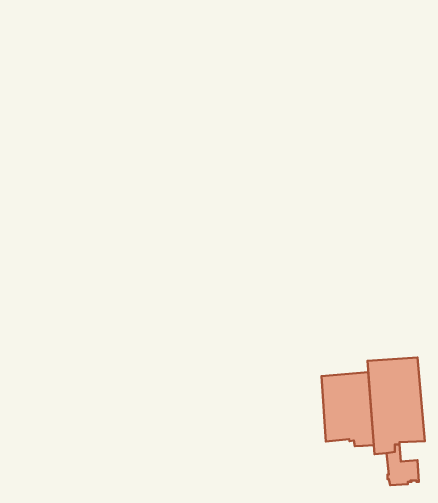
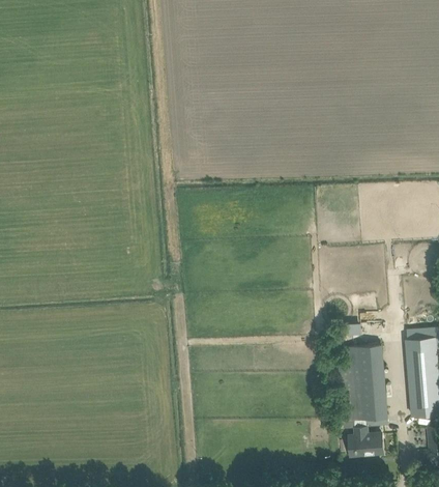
building: [322,372,374,446] -> none

